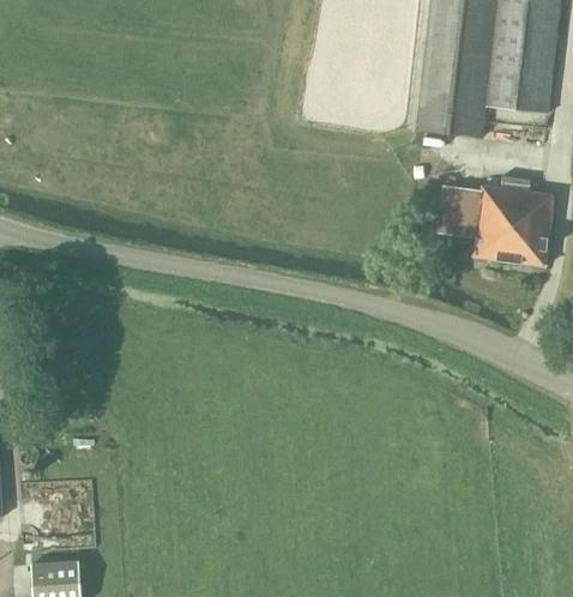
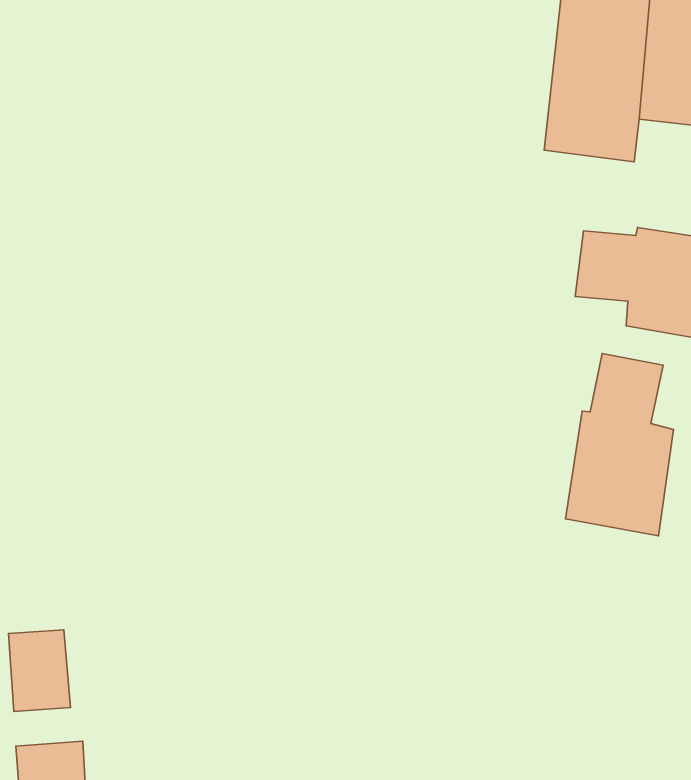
building: none -> [566,353,673,536]
building: none -> [8,630,71,712]

